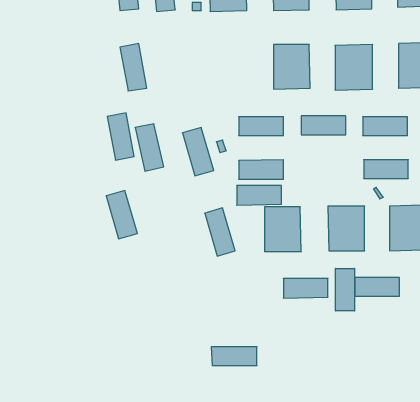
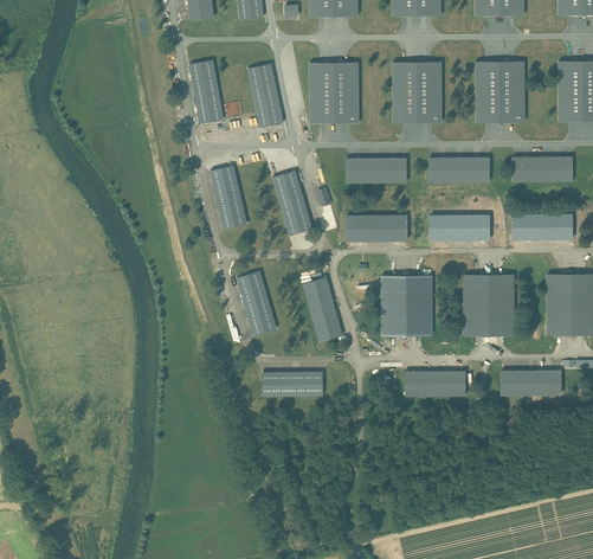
building: none -> [309,64,357,123]
building: [107,113,134,160] -> [247,63,283,126]
building: [237,186,281,205] -> [430,216,489,242]
building: [106,191,137,239] -> [237,272,278,336]
building: [336,268,355,311] -> none
building: [211,347,257,366] -> [263,373,323,398]

